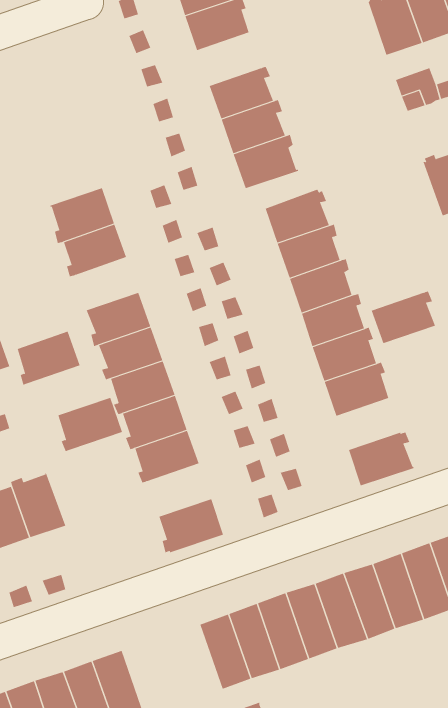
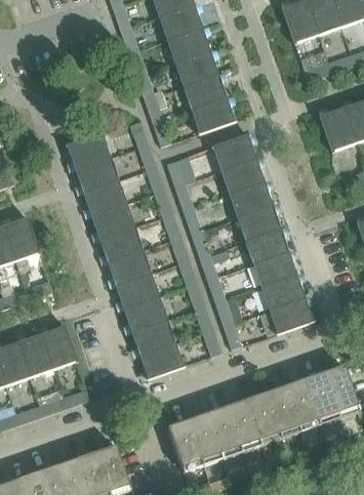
building: none -> [166,27,210,64]
building: [371,291,436,344] -> [260,274,305,310]
building: [17,331,80,385] -> [84,179,127,216]
building: [58,397,123,452] -> [132,319,176,356]

